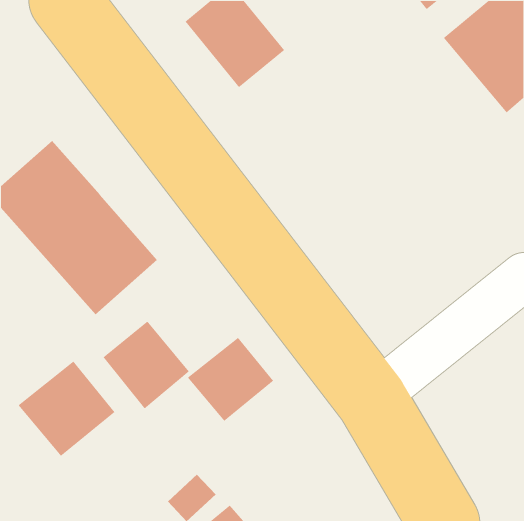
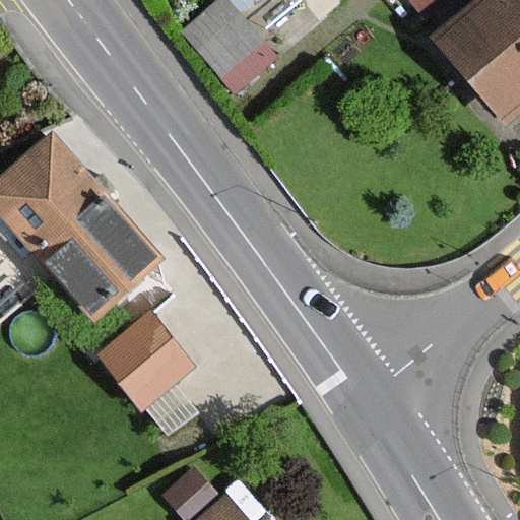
building: [187,337,274,422] -> none
building: [18,360,116,457] -> none

